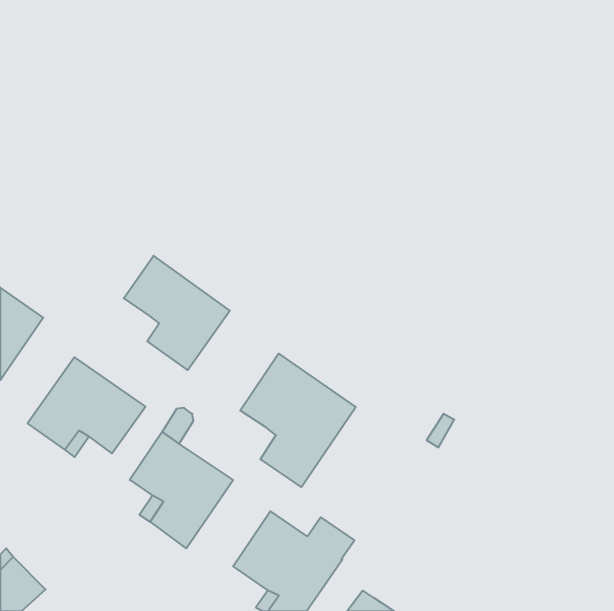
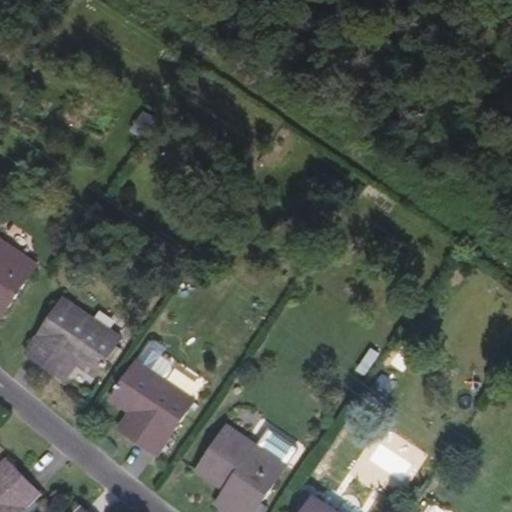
building: [124,256,230,370] -> none
building: [240,354,356,487] -> none

